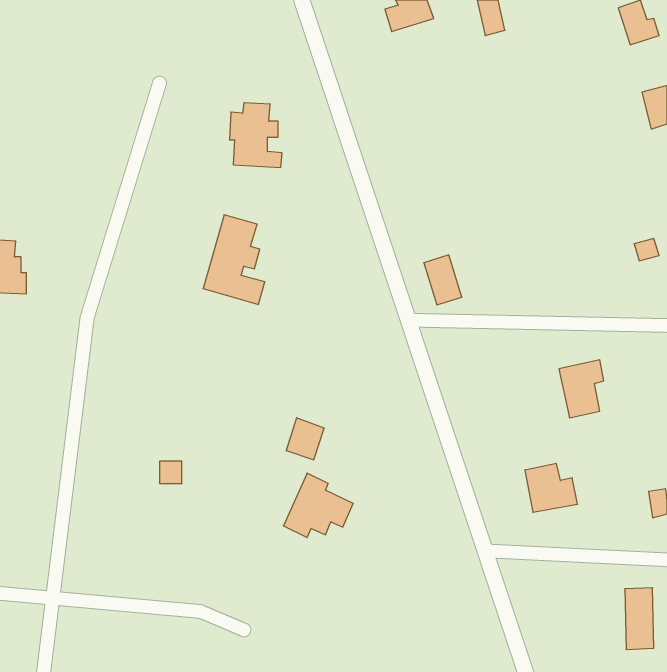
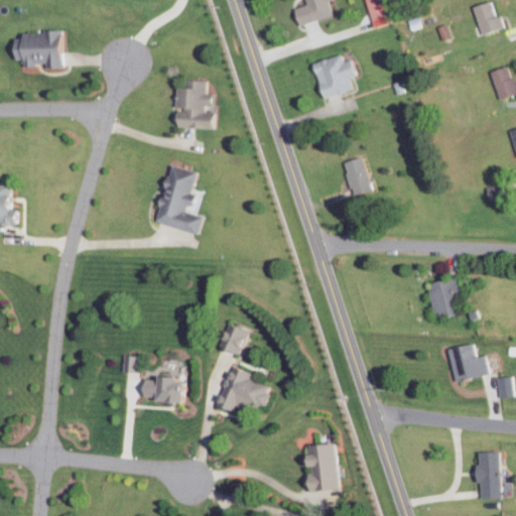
building: none -> [14,32,63,69]
building: none -> [312,53,358,100]
building: [424,255,462,305] -> [343,157,372,196]
building: [525,463,578,512] -> [448,343,489,380]
building: none -> [143,375,185,401]
building: none -> [306,442,339,490]

